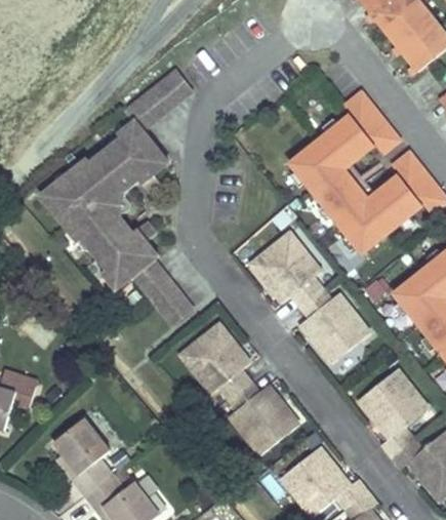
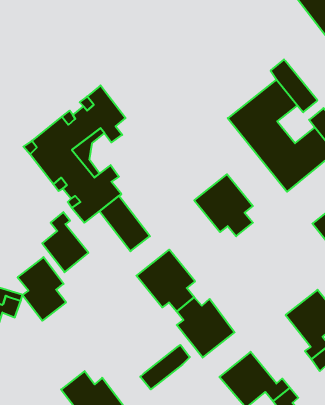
building: [123,68,192,130] -> none
building: none -> [42,212,88,272]
building: [300,290,371,365] -> none
building: [55,416,115,494] -> [18,257,66,321]
building: none -> [140,345,190,389]

